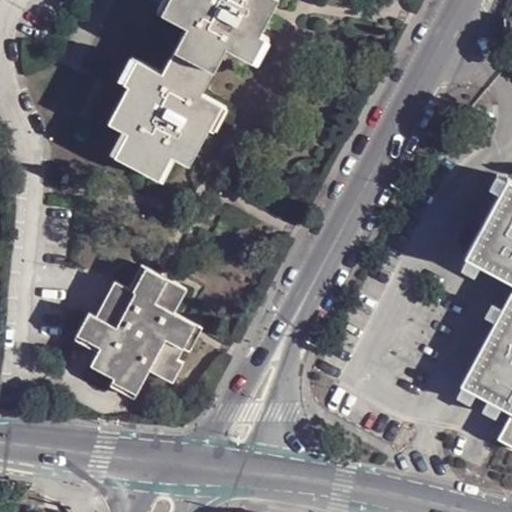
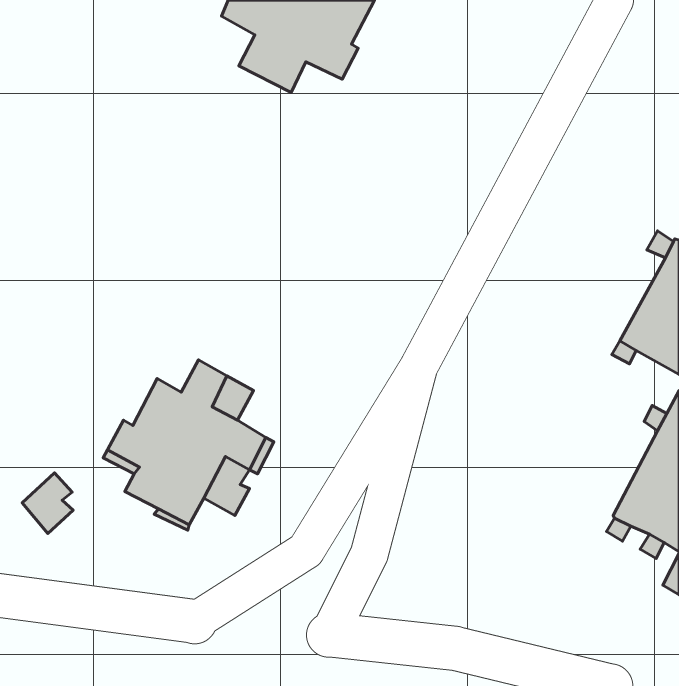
building: [111,49,224,179] -> none
building: none -> [22,473,73,534]

